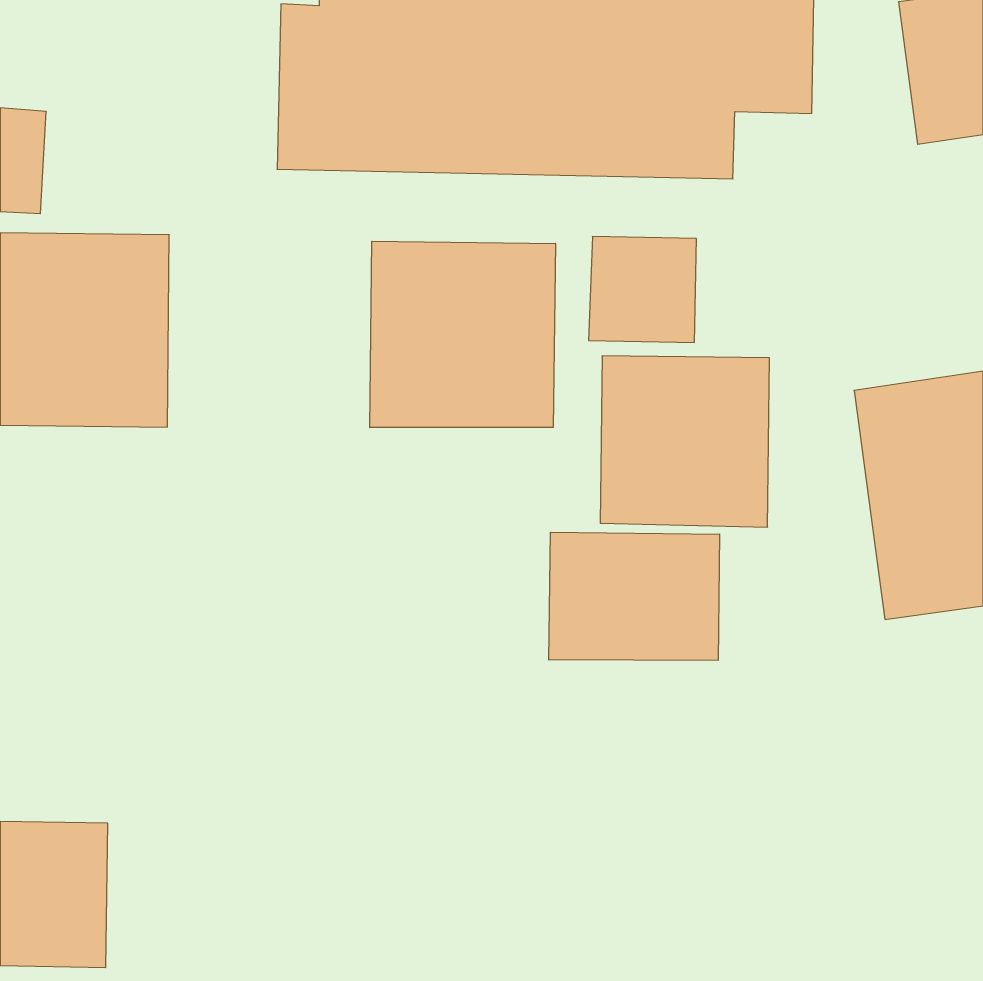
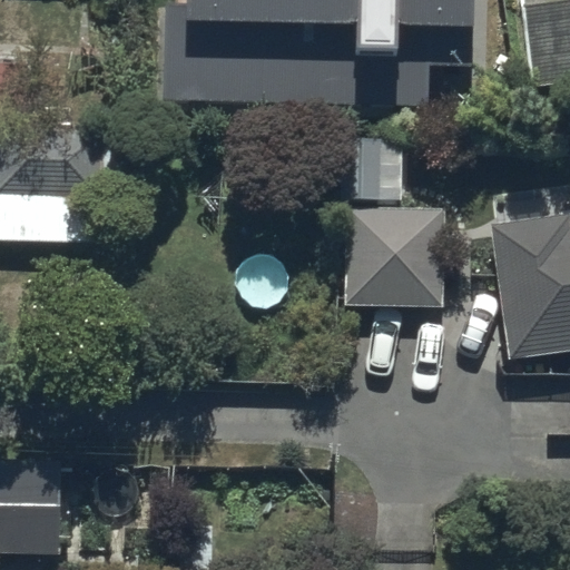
building: [370,241,555,428] -> none
building: [549,532,720,660] -> none

